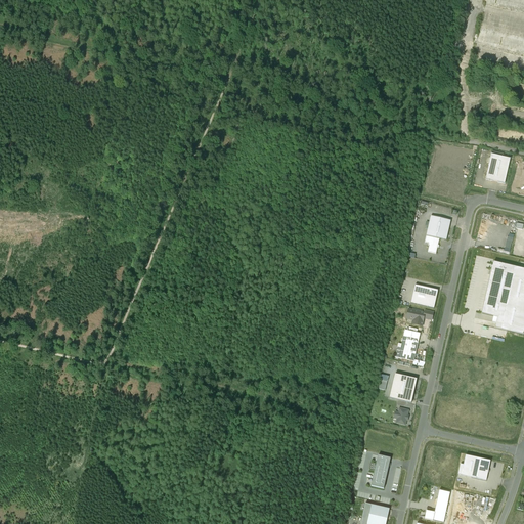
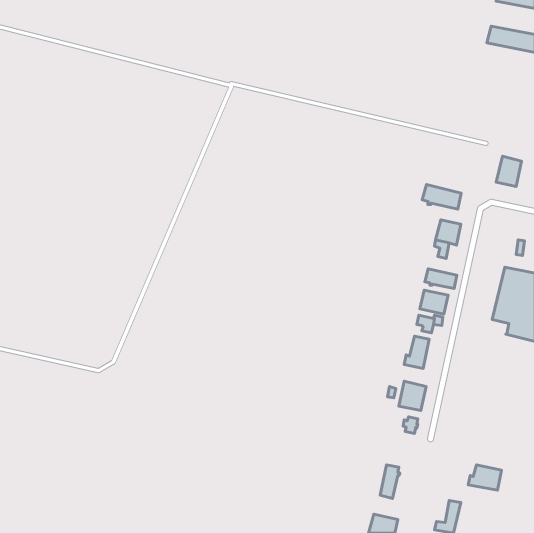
building: none -> [422,184,461,209]
building: none -> [425,269,457,288]

